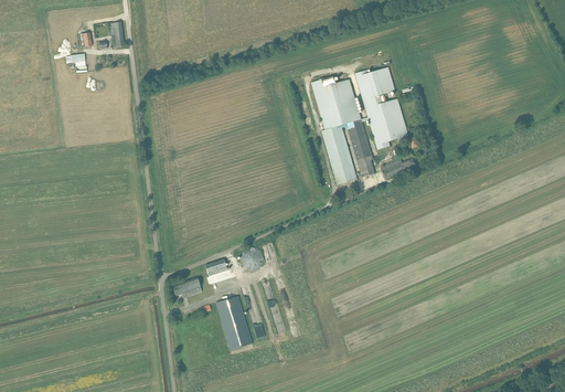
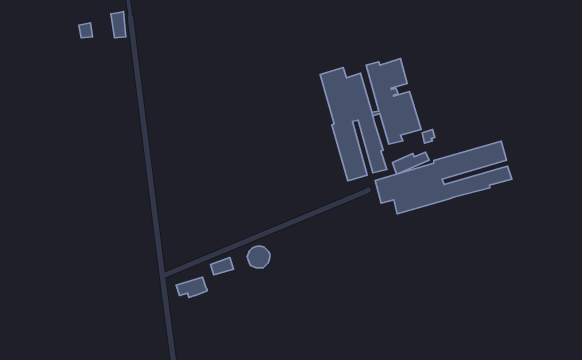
building: none -> [375,141,512,214]
building: [216,295,253,349] -> none

